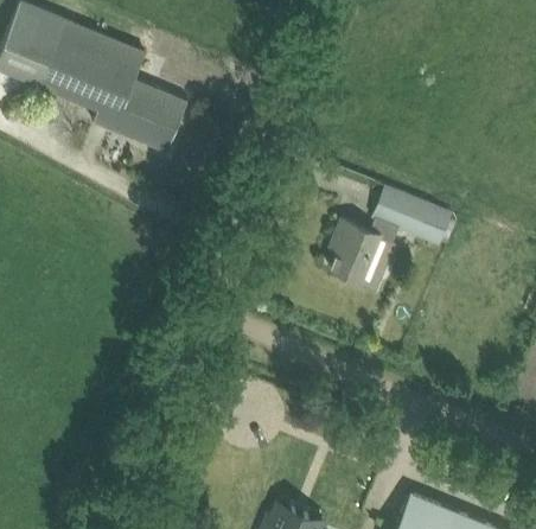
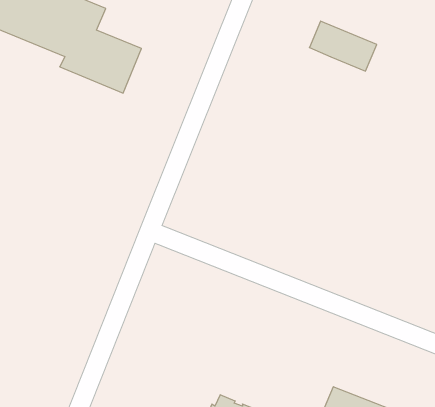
building: [374,186,452,244] -> [309,21,377,71]
building: [330,221,384,293] -> none

